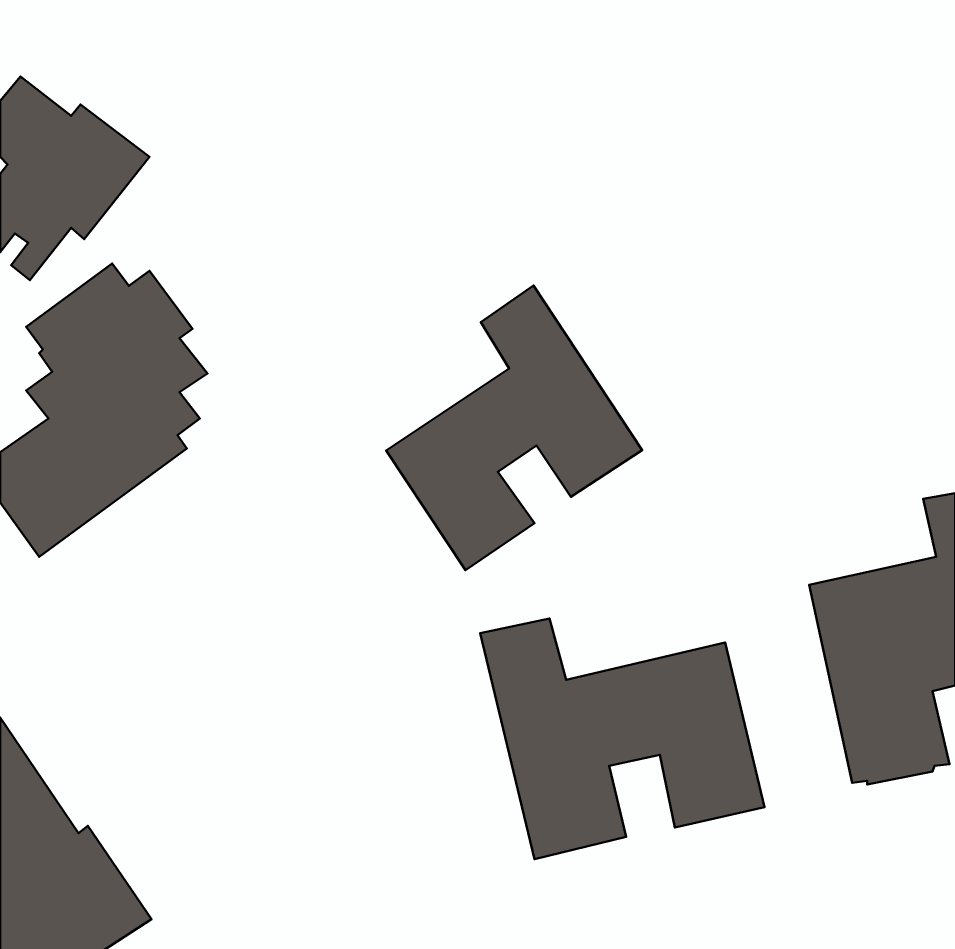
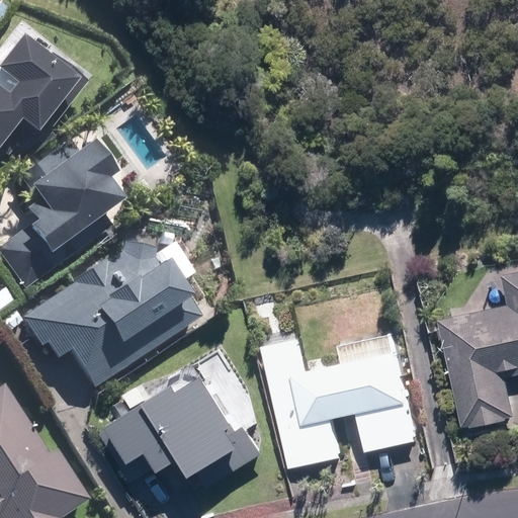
building: [386,286,642,570] -> none
building: none -> [14,244,192,391]
building: none -> [107,373,262,487]

